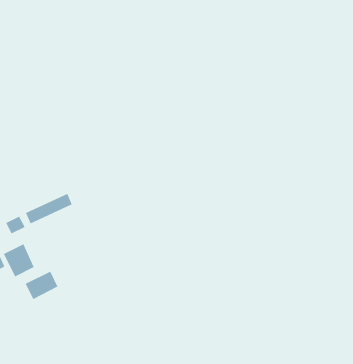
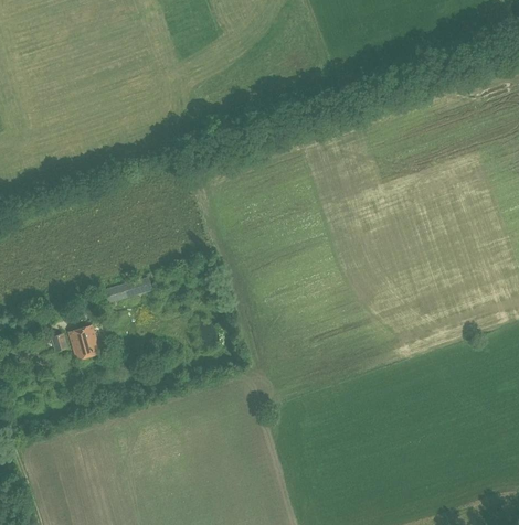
building: [25,271,58,300] -> none

